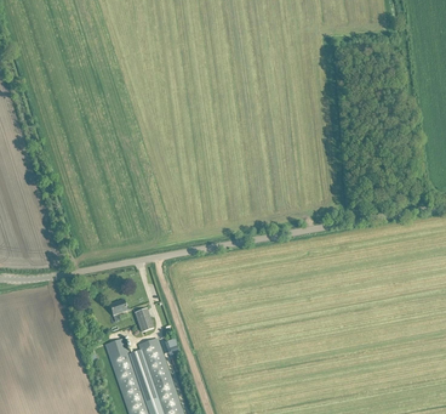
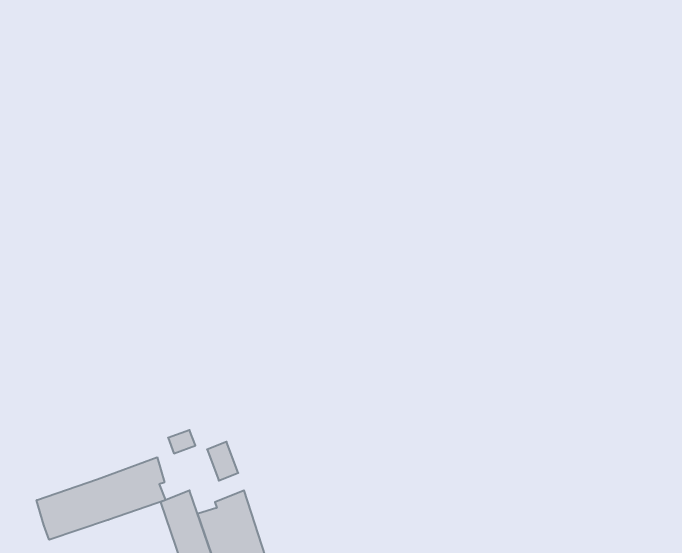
building: none -> [37,457,165,540]

